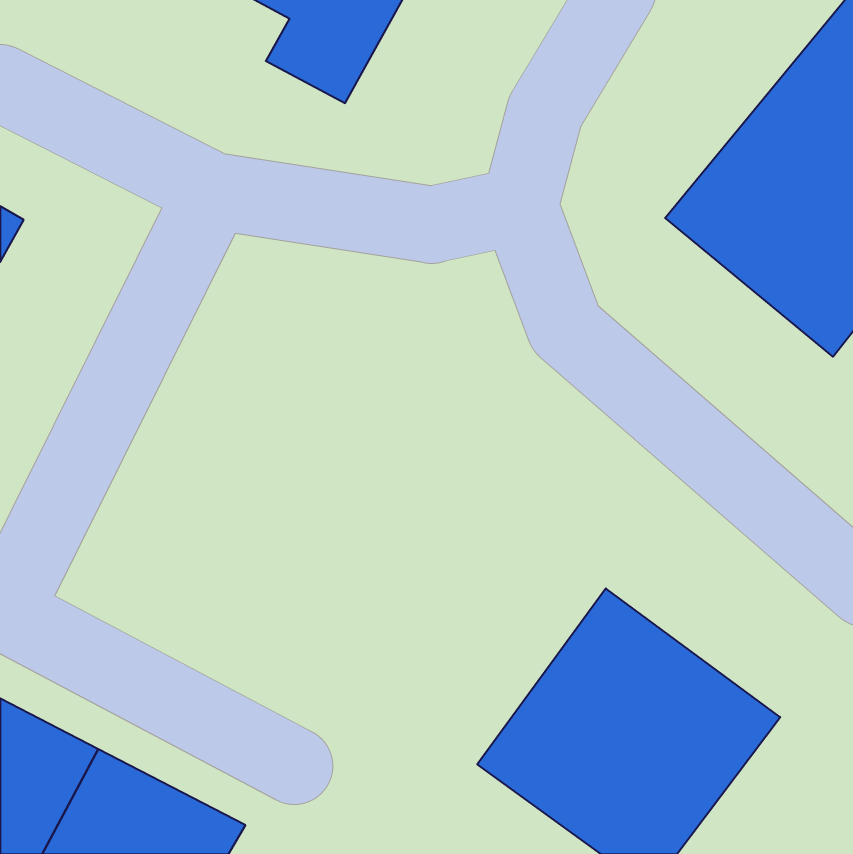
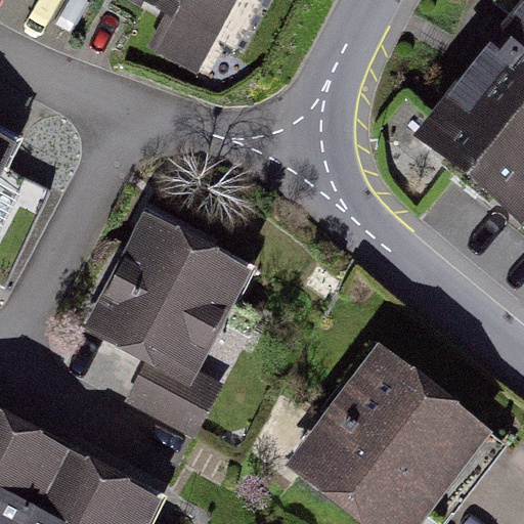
building: none -> [96,230,246,429]

